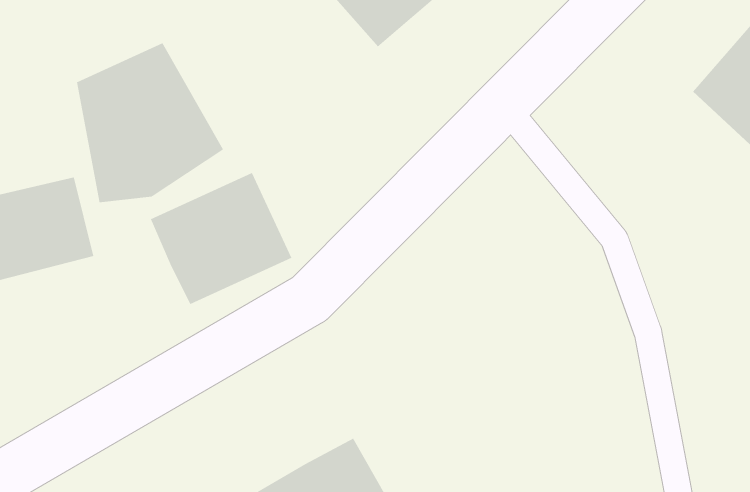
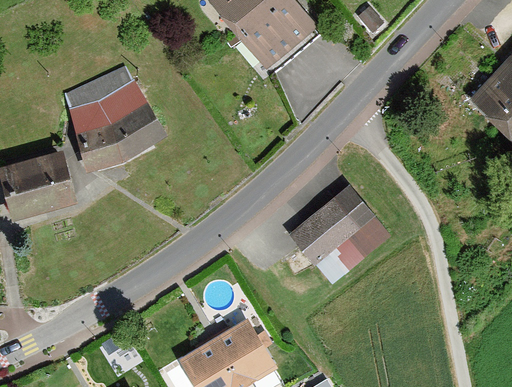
building: [150,172,292,305] -> none
building: none -> [290,180,394,282]

